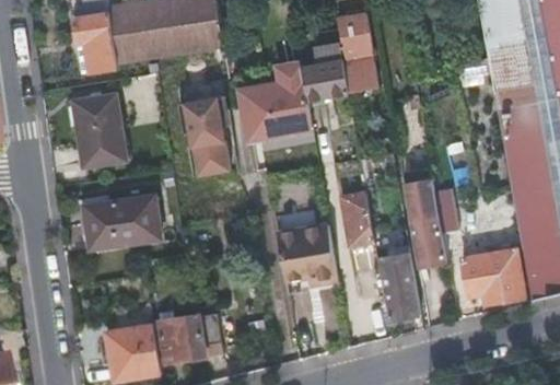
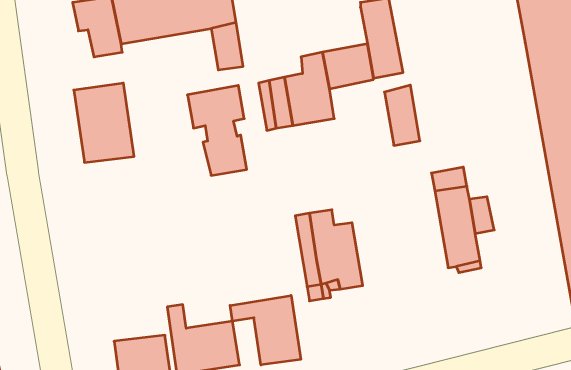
building: [342,190,375,246] -> [384,85,420,145]
building: [83,195,160,246] -> none
building: [460,247,526,305] -> none
building: [380,255,422,320] -> none
building: none -> [230,295,301,365]

